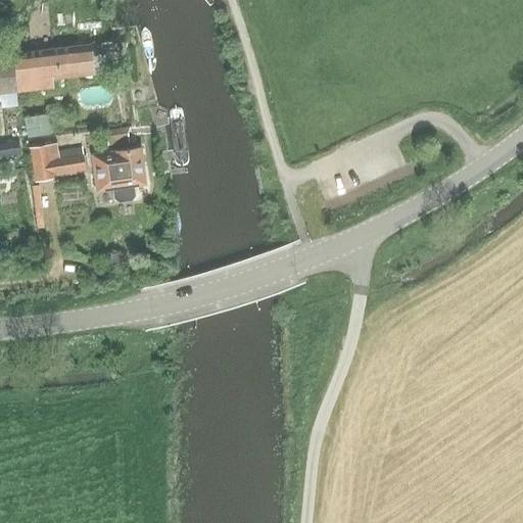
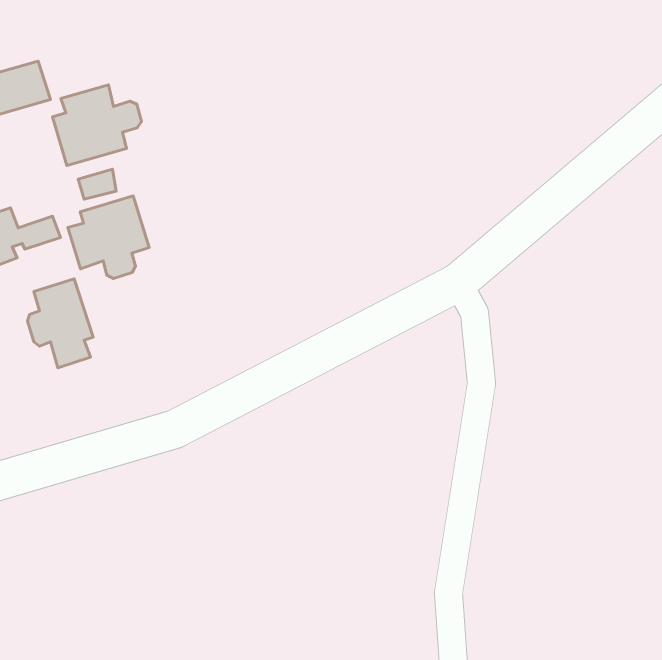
building: none -> [53,85,142,166]
building: none -> [27,279,93,368]

